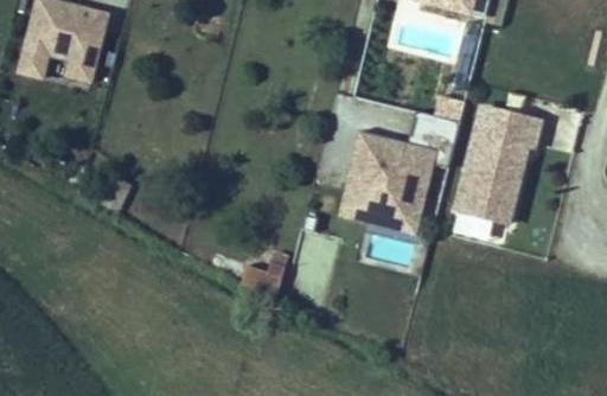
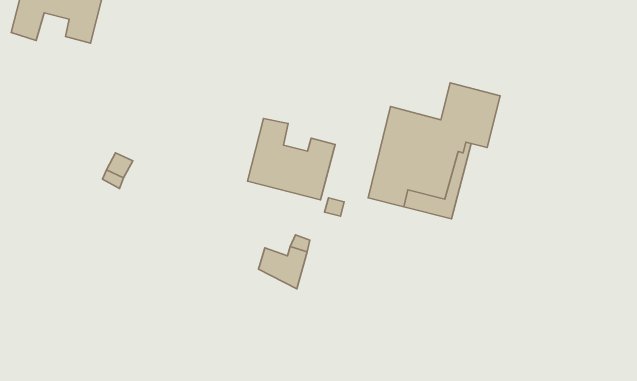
building: [452,108,547,235] -> none
building: none -> [248,118,335,200]

